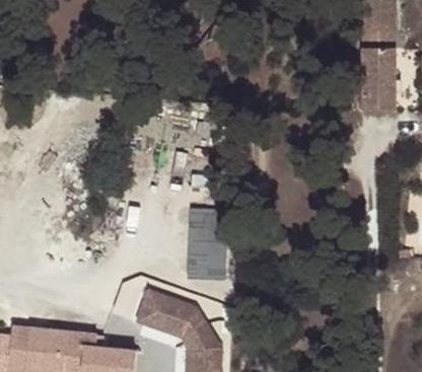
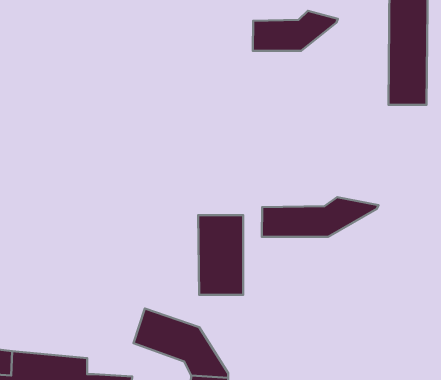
building: none -> [253,11,338,51]
building: none -> [262,197,378,237]

